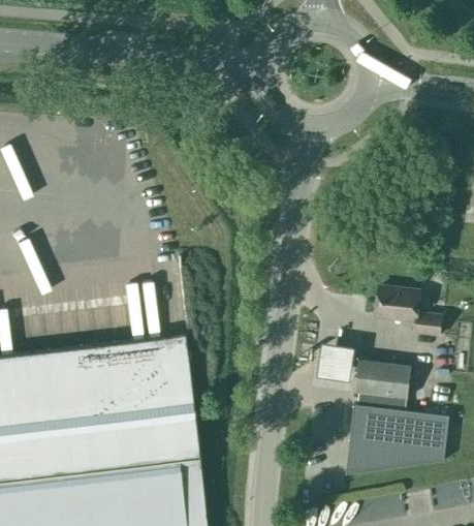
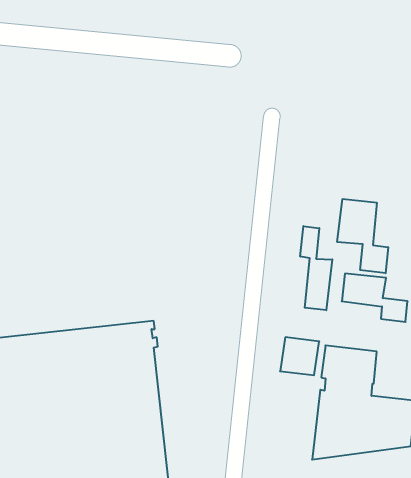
building: none -> [337,199,388,273]
building: none -> [300,226,332,310]

